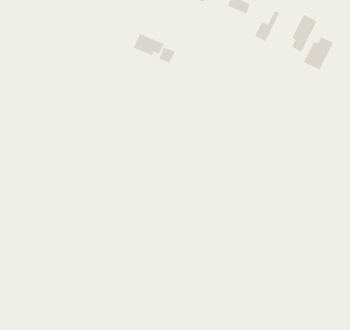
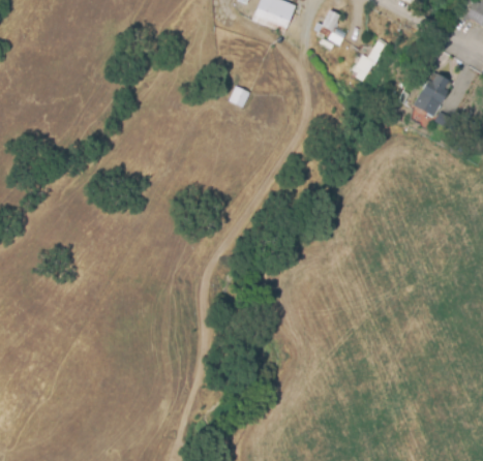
building: [291,14,317,53] -> none
building: [133,33,164,56] -> none

